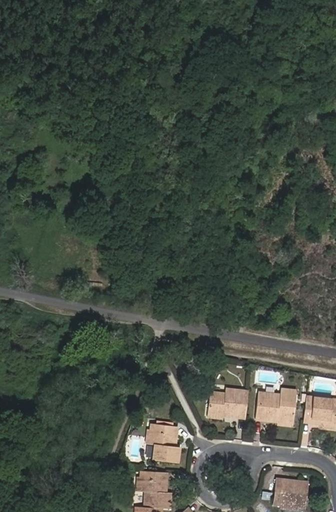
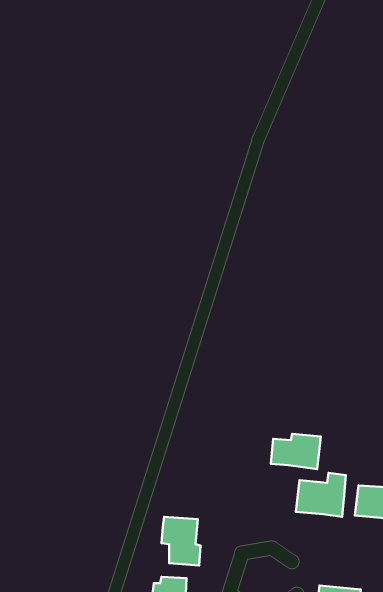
building: [207,391,247,419] -> [271,434,321,469]

